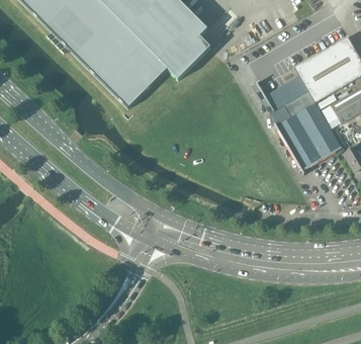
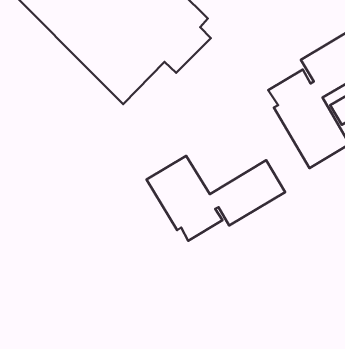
building: none -> [146,156,285,241]

